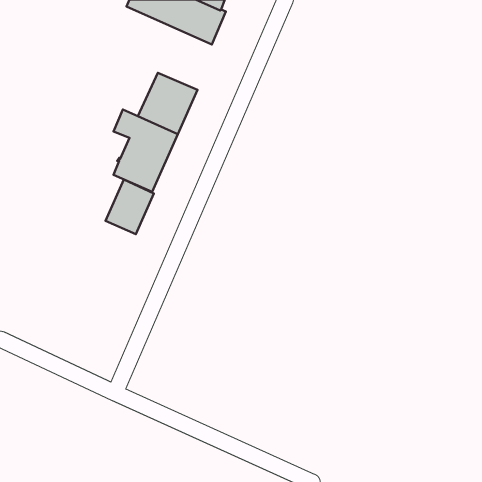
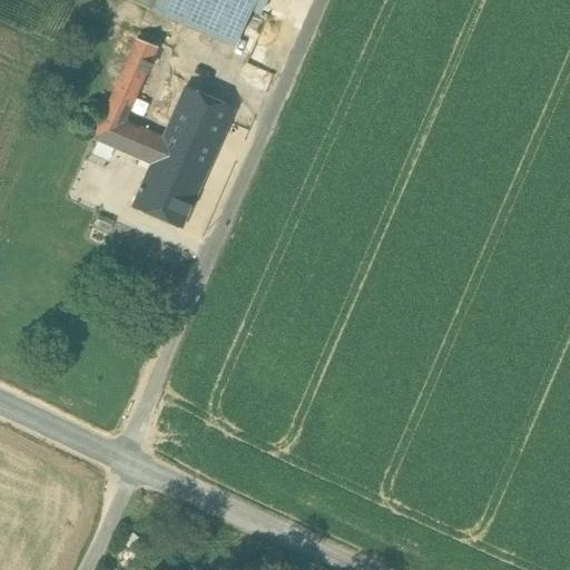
building: none -> [94,24,164,155]
building: [106,179,154,234] -> none

